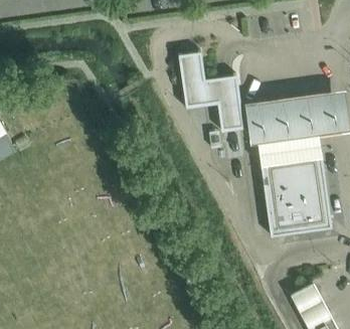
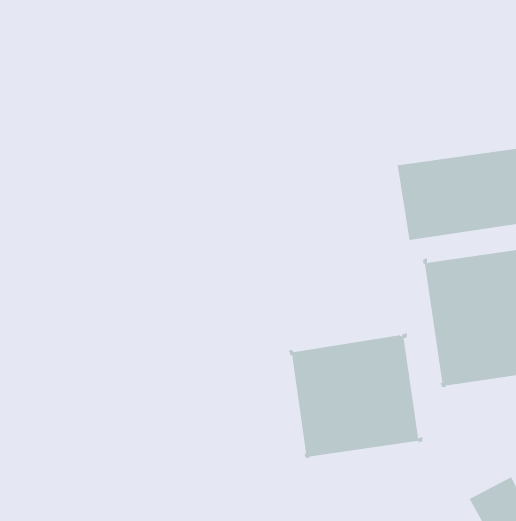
building: [178,54,243,134] -> none
building: none -> [288,332,423,459]

